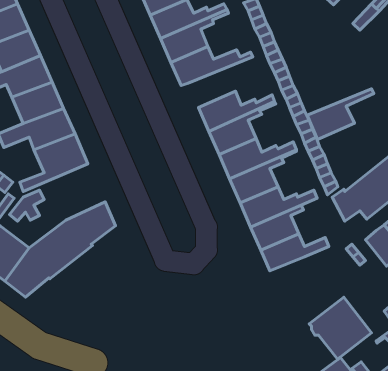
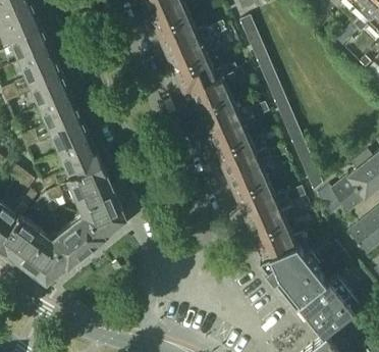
building: [307,89,374,139] -> [191,69,250,114]
building: none -> [69,168,117,214]
building: none -> [260,246,328,307]

